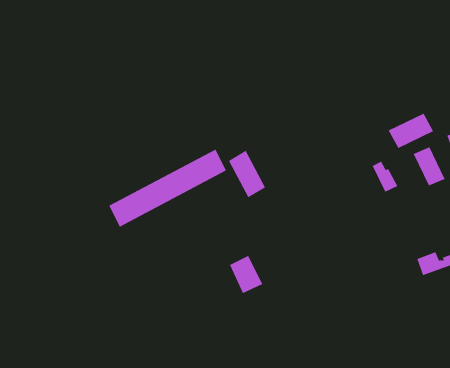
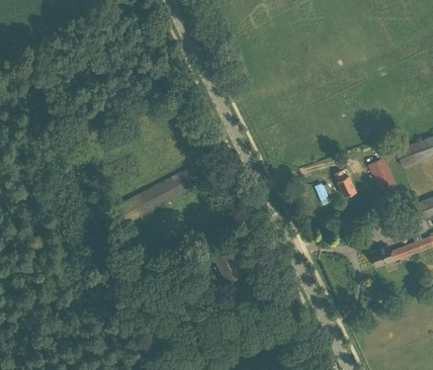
building: [388,113,434,149] -> none
building: [228,150,266,198] -> none

